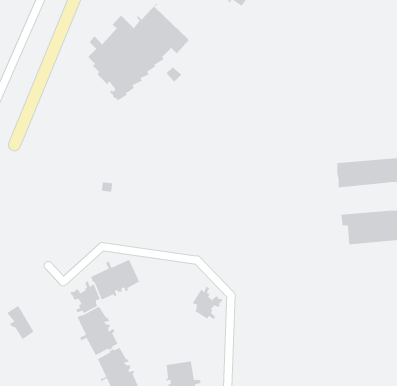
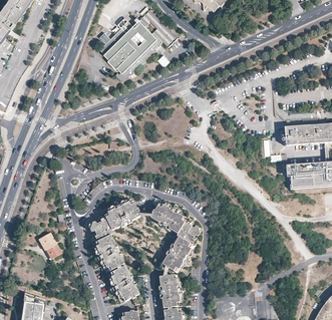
building: none -> [148,199,186,232]
building: none -> [160,236,194,273]

